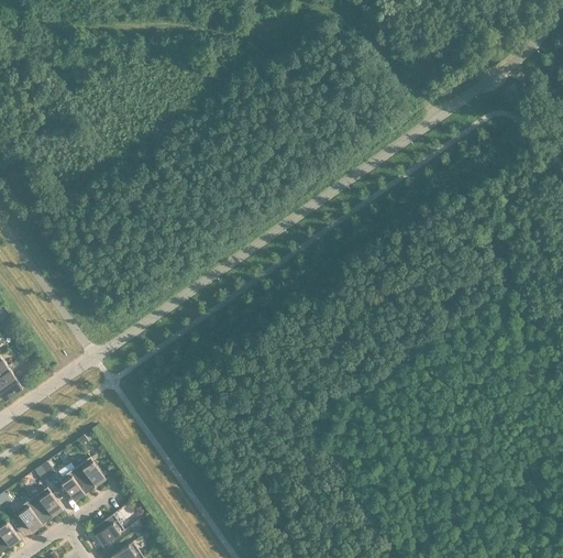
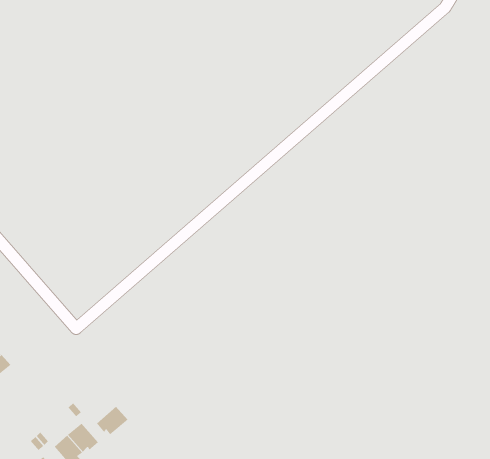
building: none -> [96,406,128,435]

